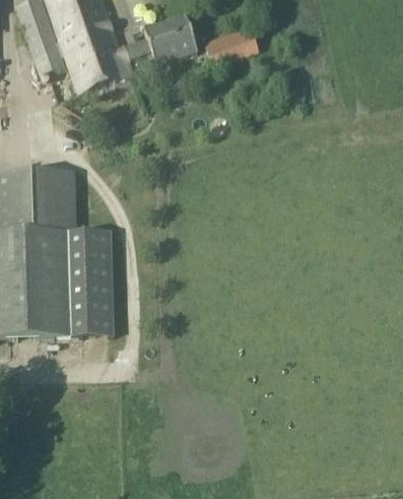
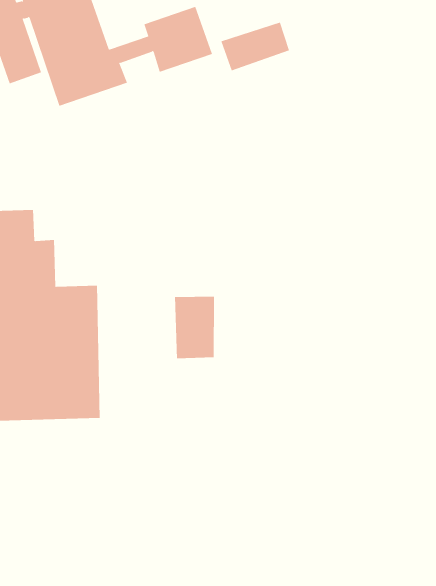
building: none -> [175,296,214,359]

